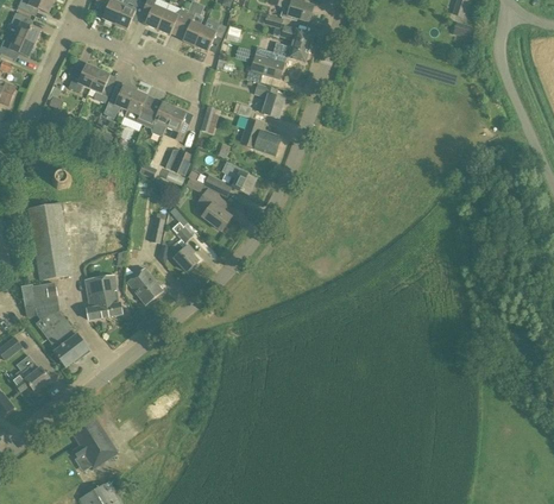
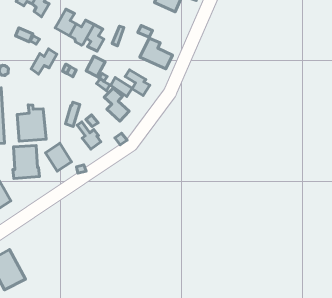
building: [254,82,284,118] -> none
building: [103,84,136,119] -> [31,49,57,74]
building: none -> [17,105,46,141]

